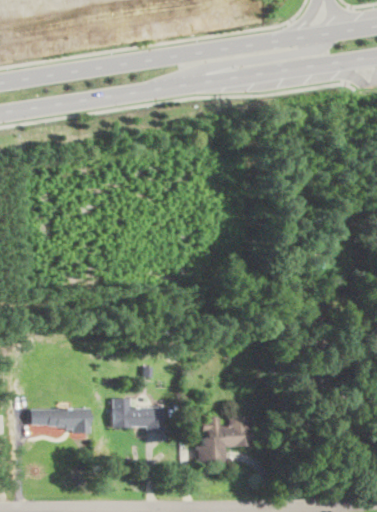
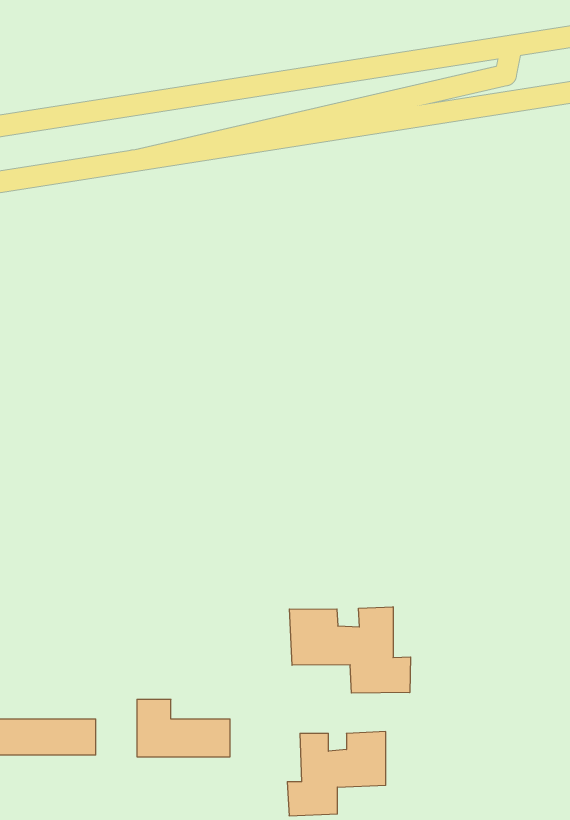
building: none -> [289,607,410,693]

